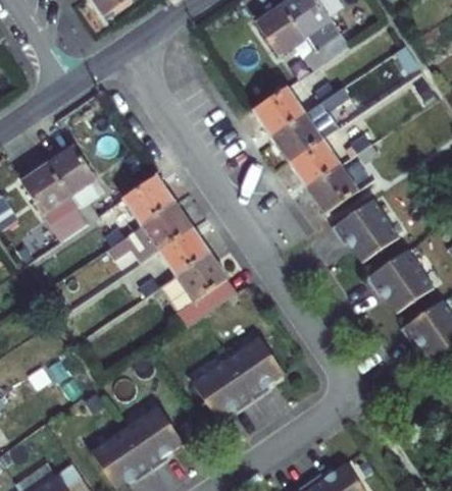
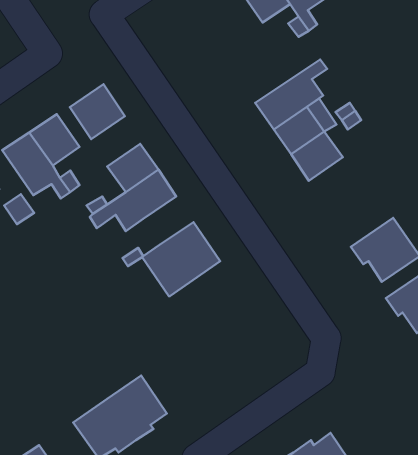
building: [253,81,335,134] -> none
building: none -> [70,84,125,139]
building: [330,197,399,262] -> none
building: [159,227,209,275] -> none
building: [192,336,285,419] -> none

